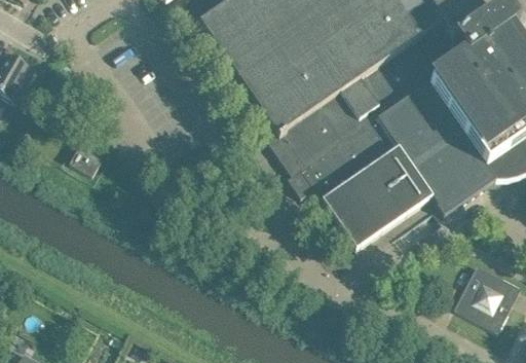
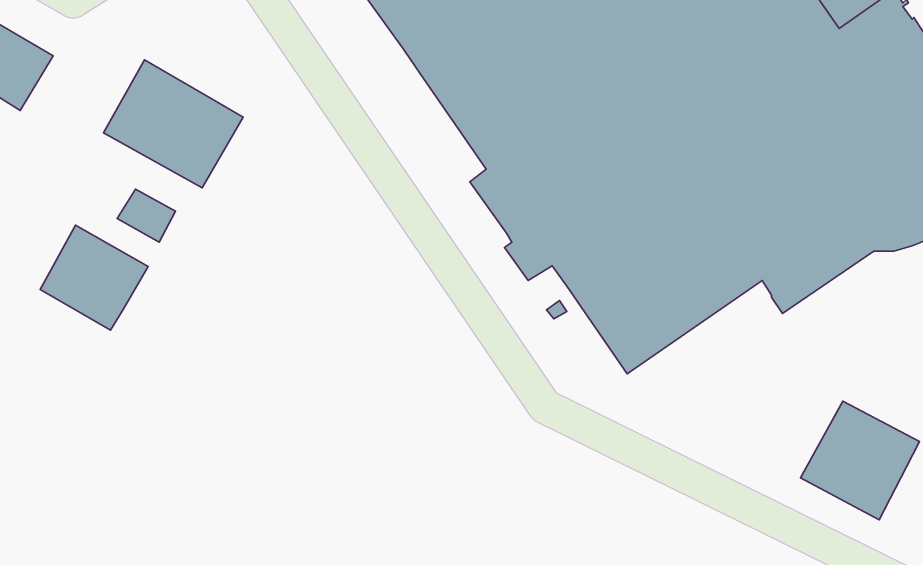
building: none -> [103,60,243,188]
building: none -> [40,225,148,330]

